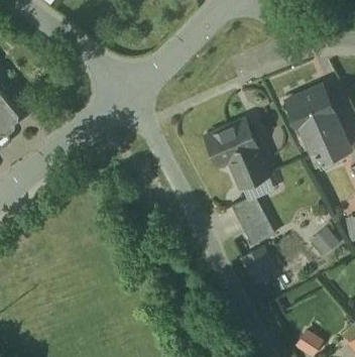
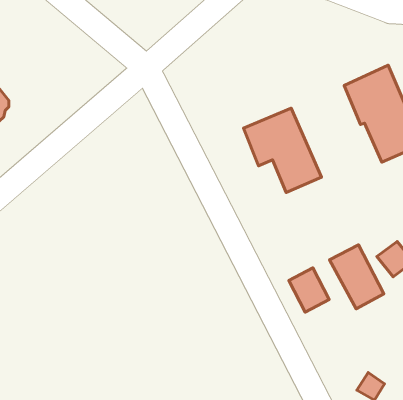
building: [230,194,273,245] -> [330,245,384,309]

